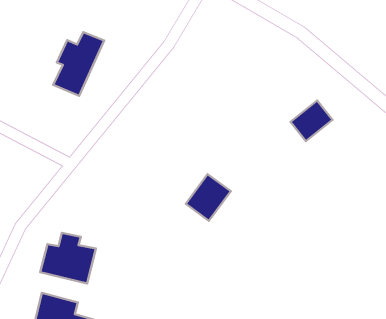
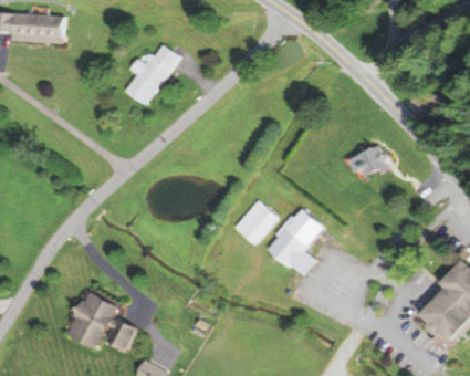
building: none -> [268,209,324,279]
building: [40,233,96,283] -> none

